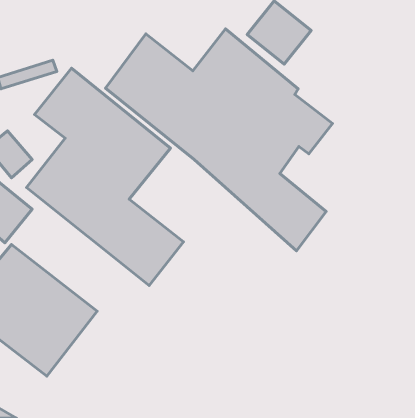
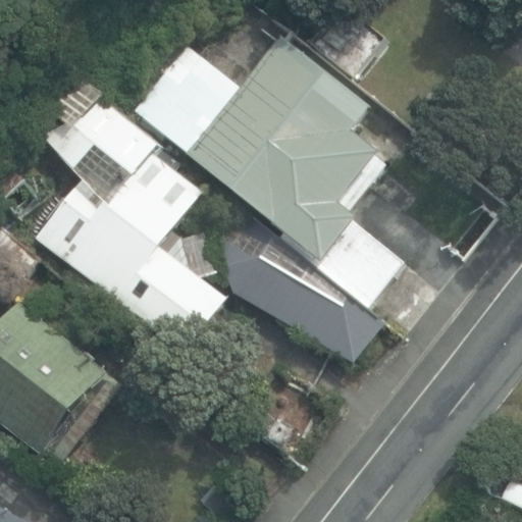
building: none -> [215,198,380,362]

